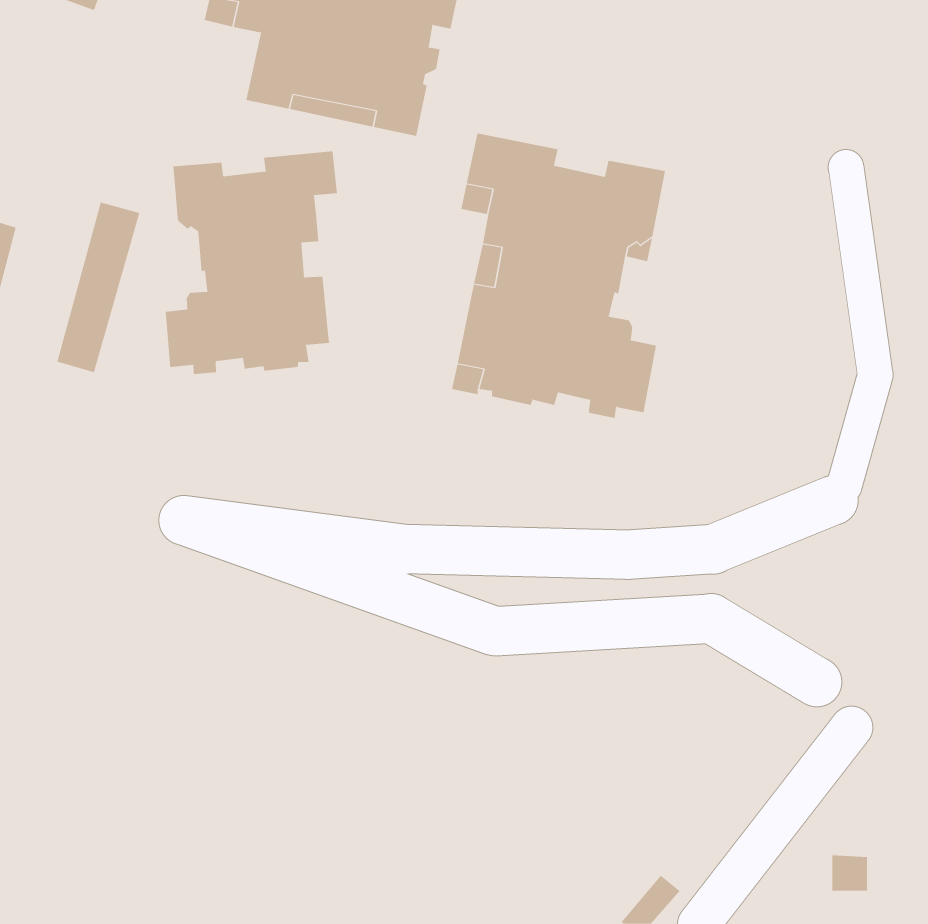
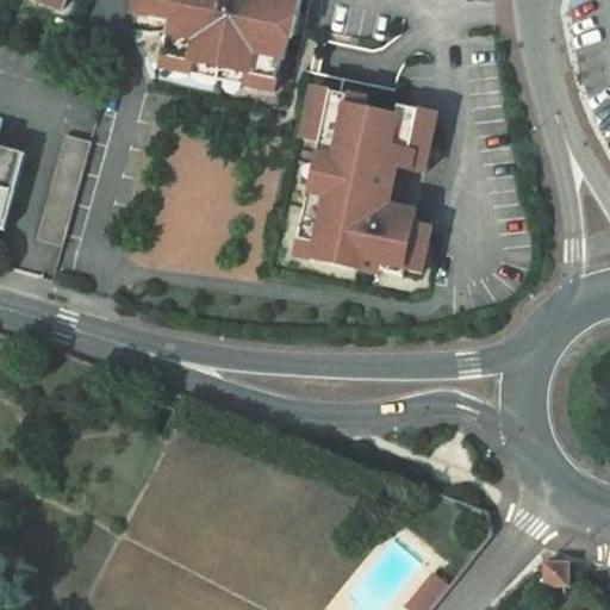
building: [165,151,338,375] -> none

